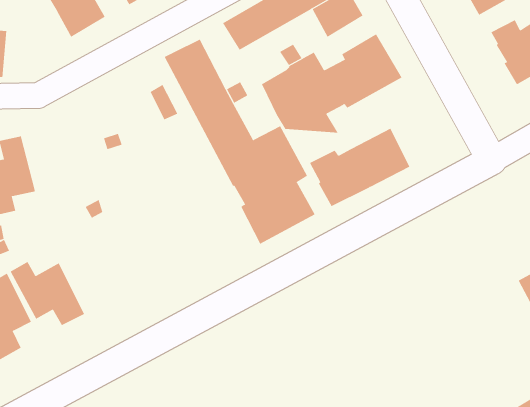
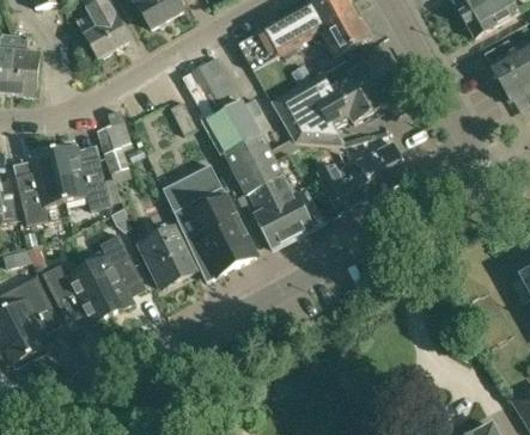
building: none -> [96,118,130,171]
building: none -> [51,142,110,207]
building: none -> [163,163,257,280]
building: none -> [138,226,195,287]
building: none -> [86,232,140,312]

